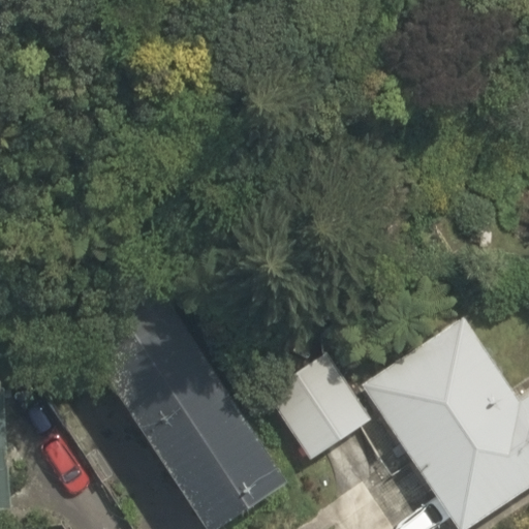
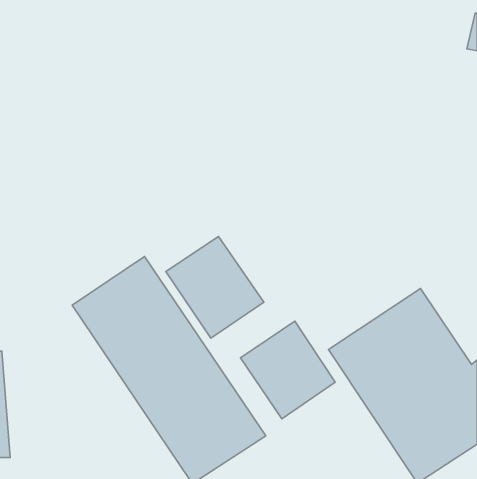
building: none -> [166,236,264,338]

